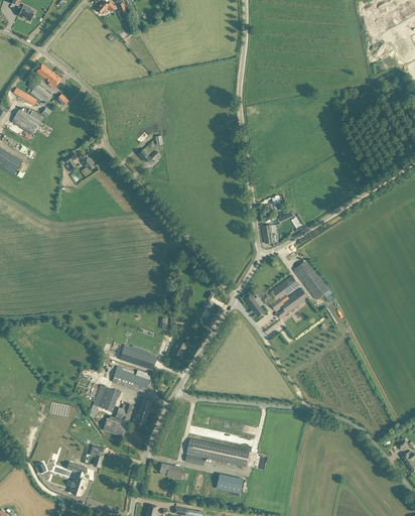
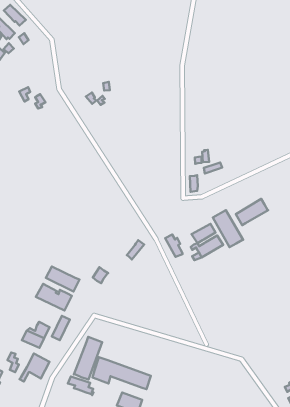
building: none -> [236,199,268,225]
building: [88,384,118,416] -> [20,354,49,382]
building: none -> [74,337,102,380]

